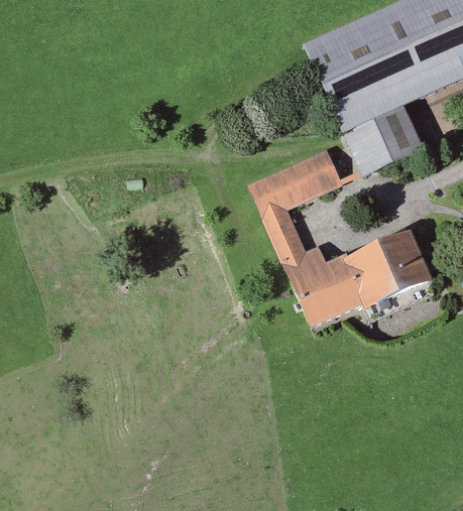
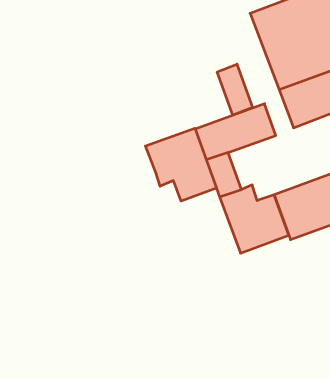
building: none -> [217,64,253,115]
building: none -> [145,128,217,201]

